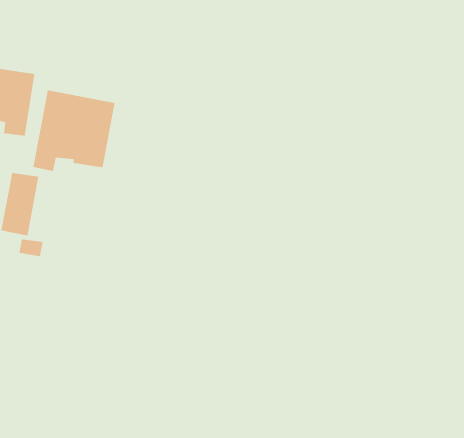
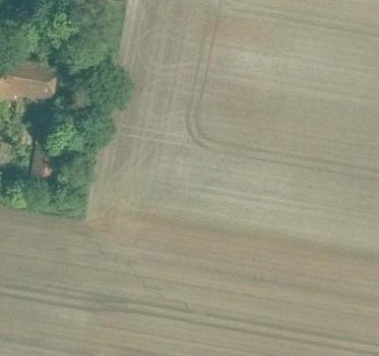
building: [33,89,115,172] -> none

